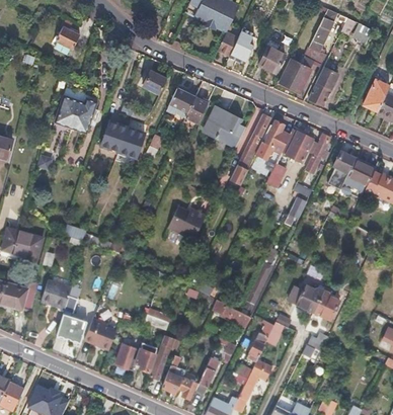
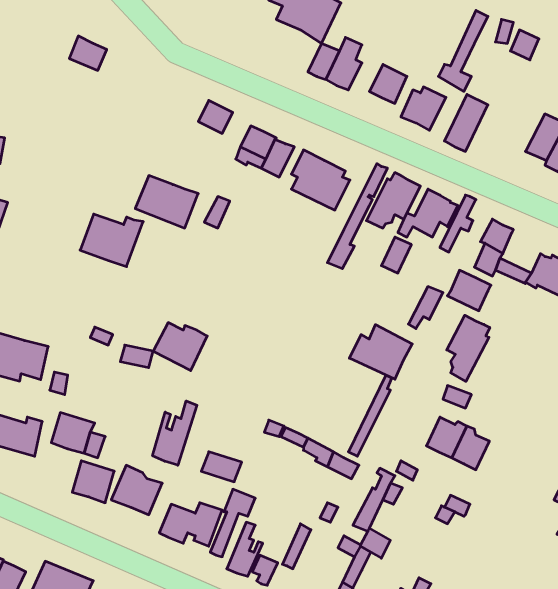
building: [55,97,97,133] -> [80,214,143,267]
building: [345,160,375,187] -> [447,270,491,311]
building: [168,206,205,239] -> [153,323,207,371]
building: none -> [447,315,490,381]
building: none -> [349,325,412,379]
building: none -> [153,401,197,465]

